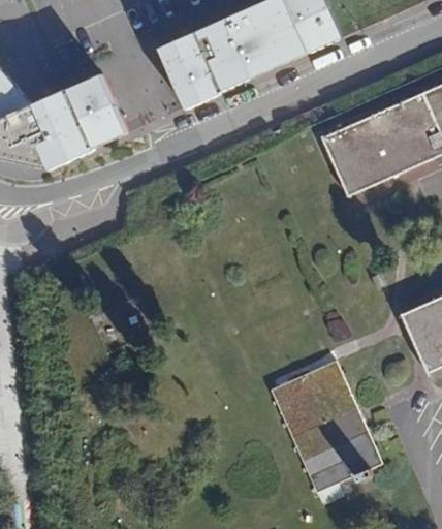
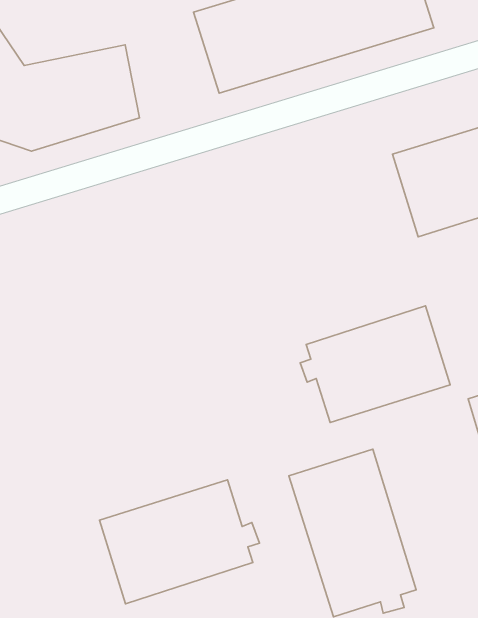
building: none -> [300,306,450,423]
building: none -> [100,480,259,604]

